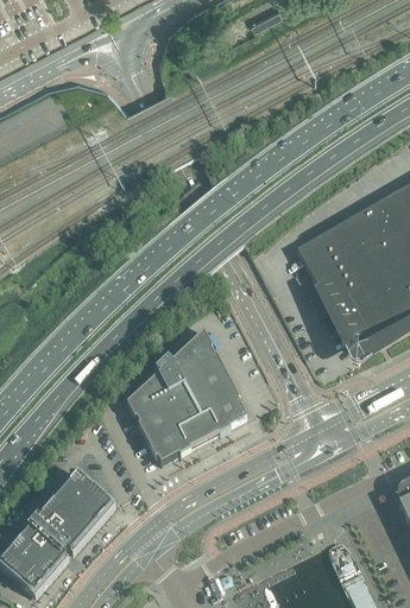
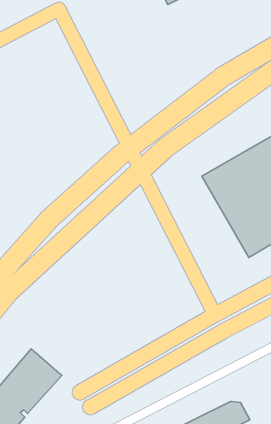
building: [127,329,248,462] -> none

